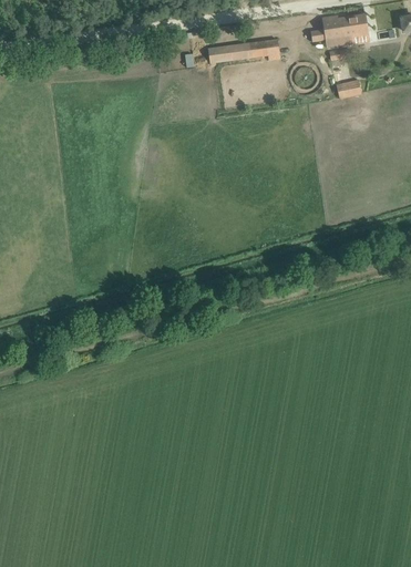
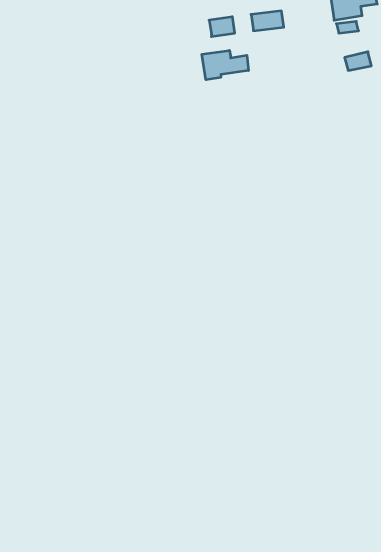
building: none -> [202,50,248,80]

